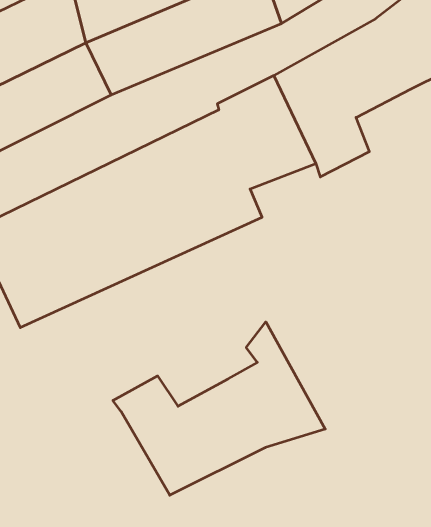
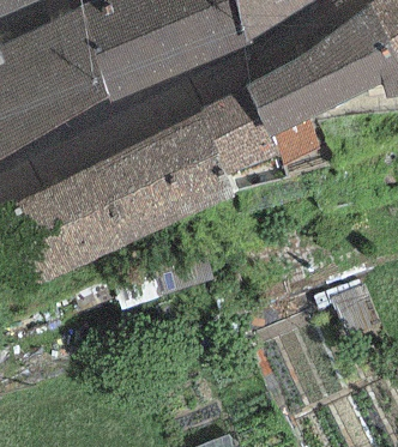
building: [113,322,325,495] -> none

